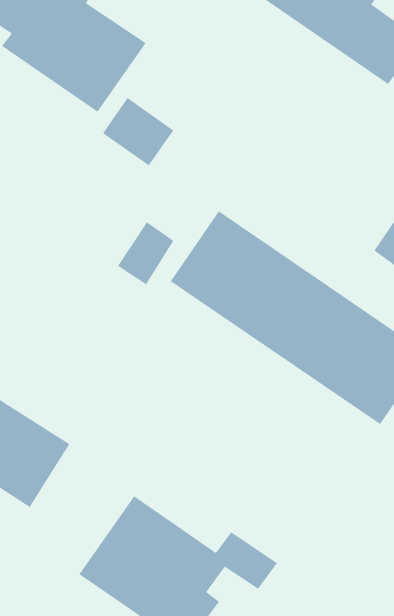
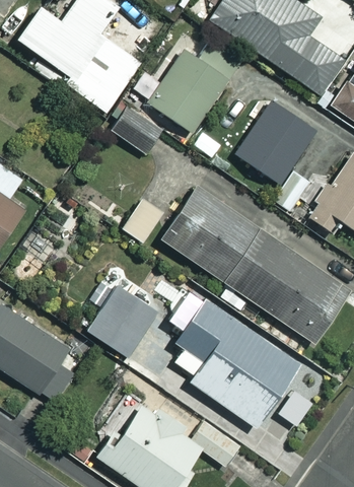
building: none -> [148,43,241,128]
building: none -> [234,99,315,184]
building: none -> [87,285,157,356]
building: none -> [173,297,299,426]

